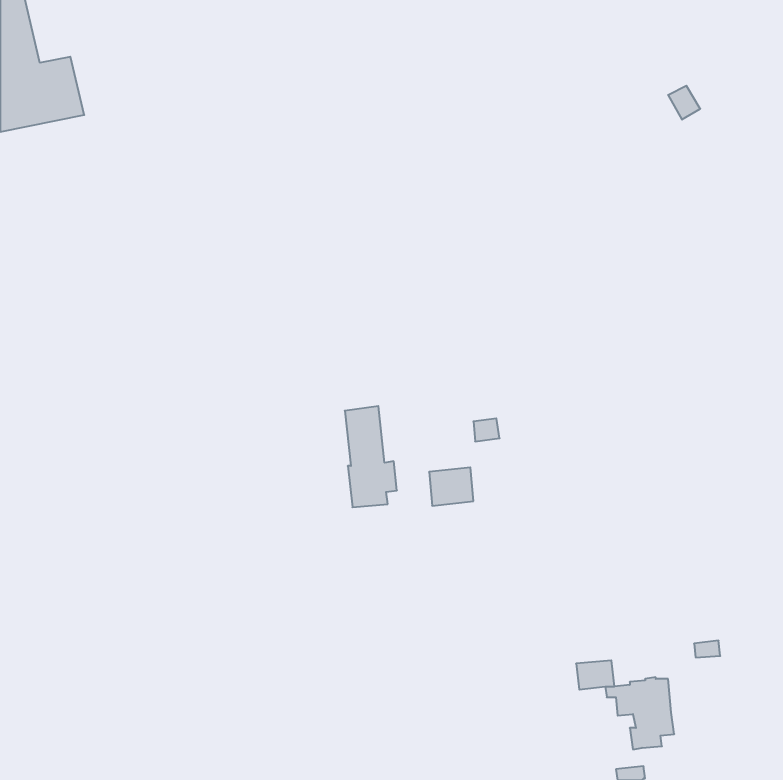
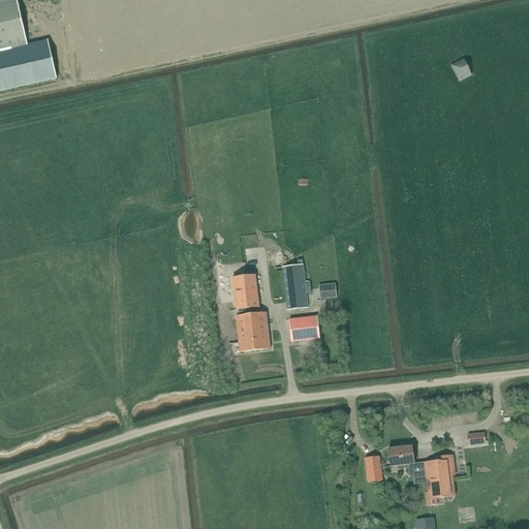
building: none -> [282,263,311,309]
building: none -> [238,331,270,352]
building: none -> [365,455,382,481]

